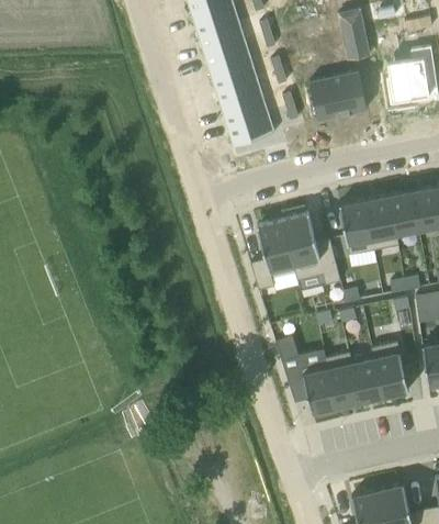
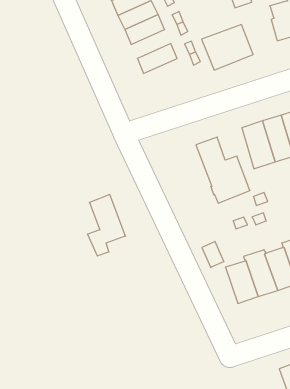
building: [218,78,266,109] -> none
building: [229,114,278,146] -> none
building: [250,220,295,291] -> [87,195,126,256]

